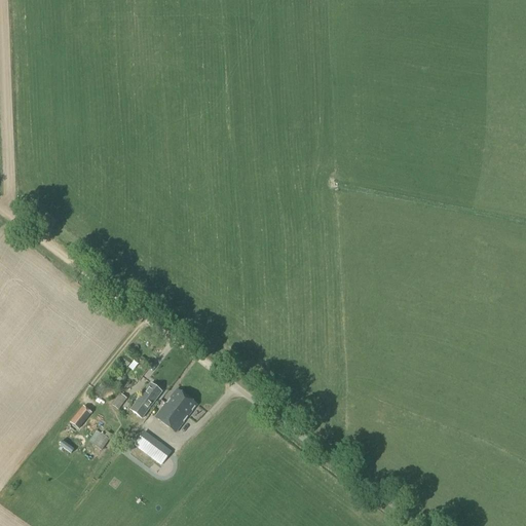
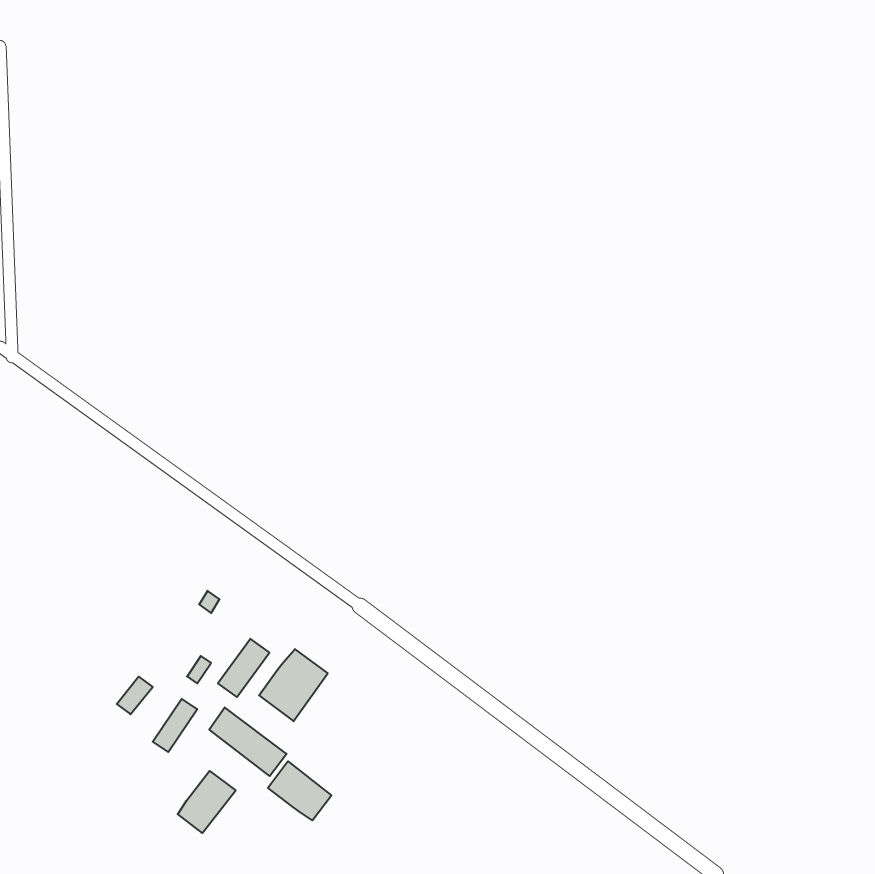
building: none -> [268,761,331,820]
building: none -> [178,771,236,833]

